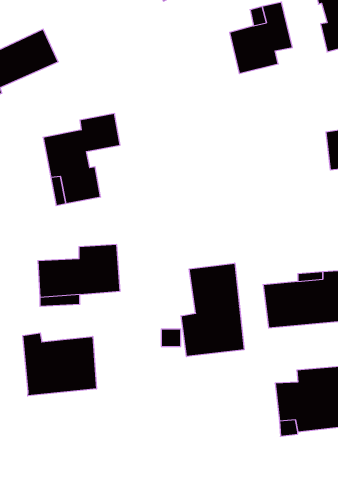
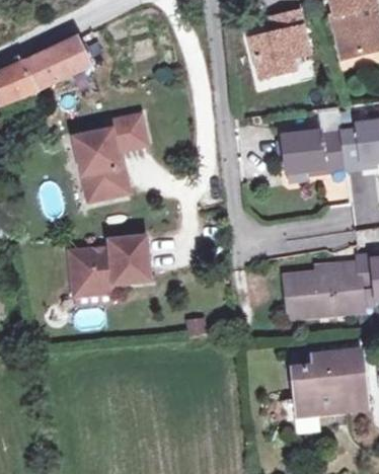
building: none -> [280,126,345,171]
building: [181,263,244,357] -> none
building: [23,333,96,396] -> none

